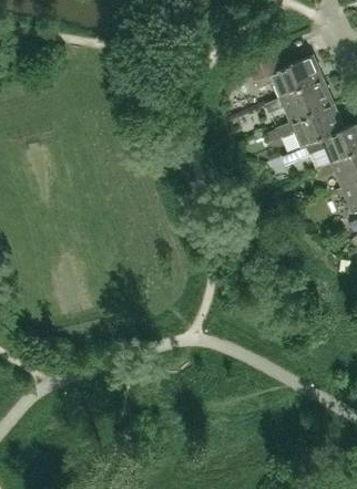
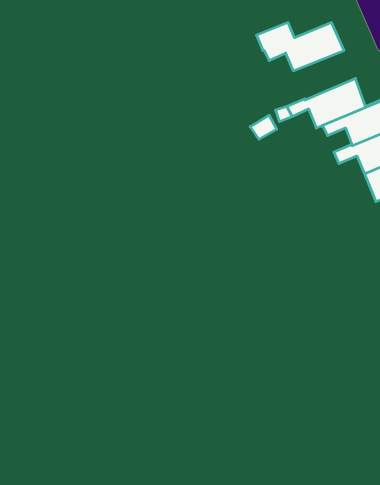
building: [265,81,335,124] -> none

